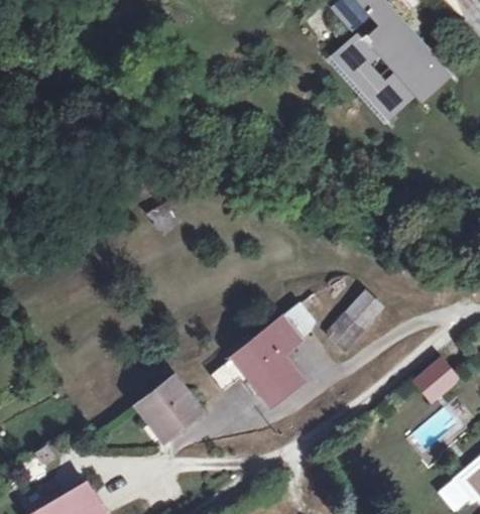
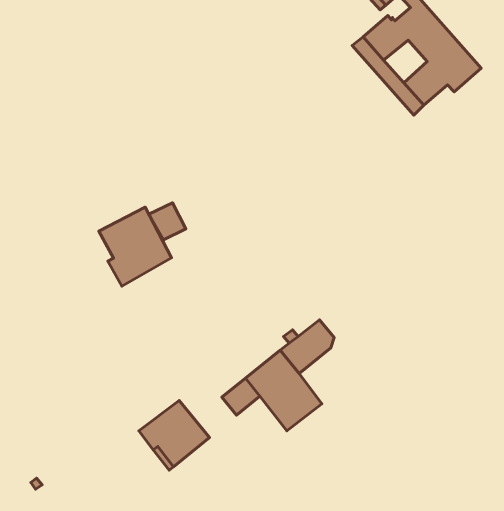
building: none -> [99,207,171,286]
building: [326,293,381,351] -> none
building: [415,359,456,399] -> none

